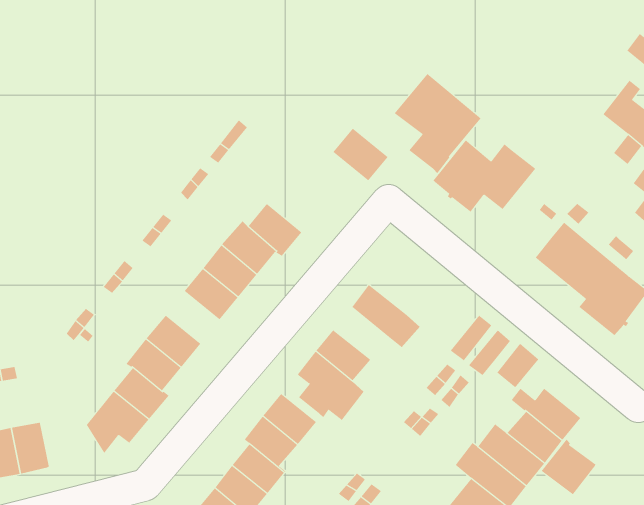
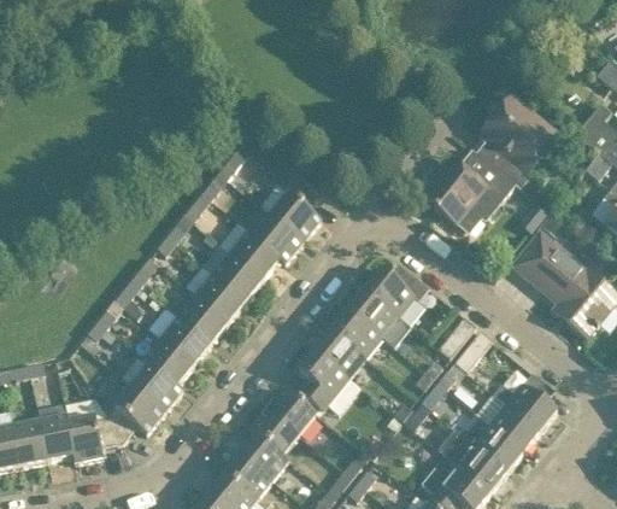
building: [394,73,481,174] -> [480,98,559,189]
building: [333,128,388,181] -> [270,194,321,242]
building: none -> [363,263,429,317]
building: none -> [178,296,228,344]
building: none -> [330,310,381,358]
building: [497,343,539,388] -> none
building: none -> [65,415,123,463]
building: [541,439,597,495] -> none

